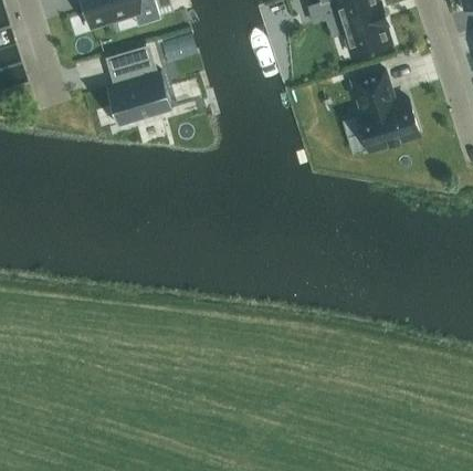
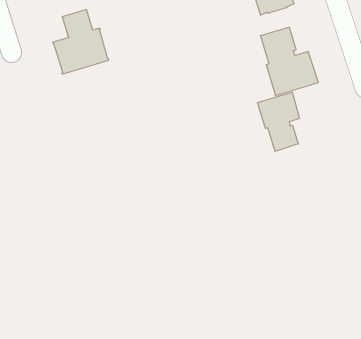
building: none -> [258,92,300,151]

